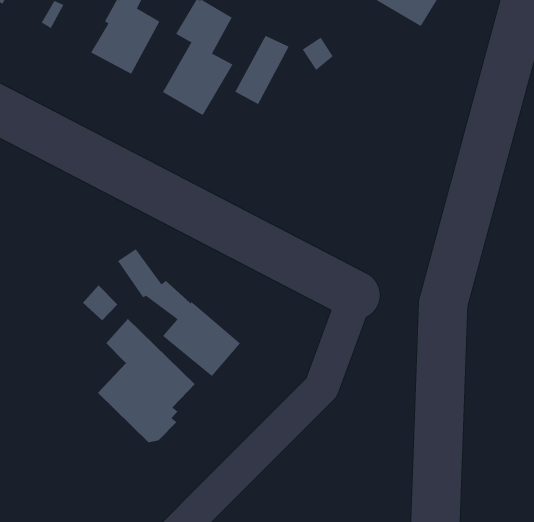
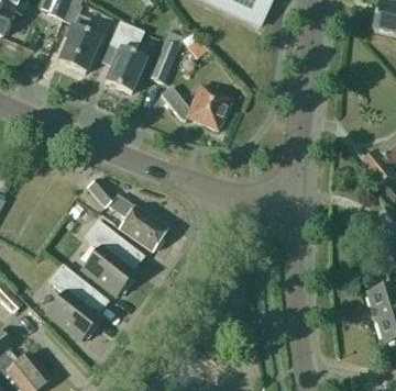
building: none -> [162,85,231,130]
building: none -> [48,265,108,339]

